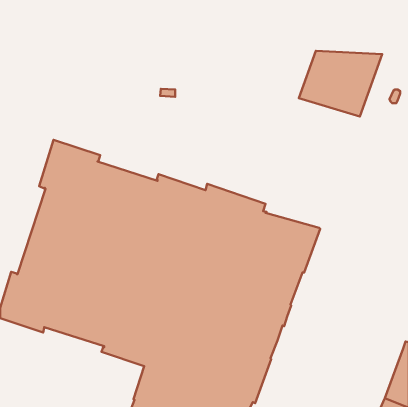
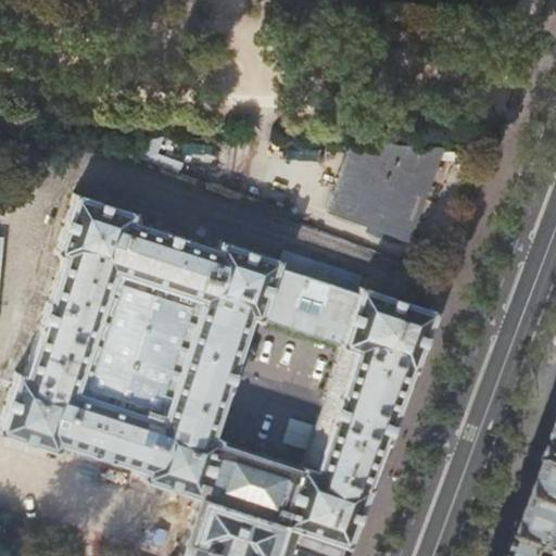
building: [299,51,382,116] -> [326,150,439,239]

